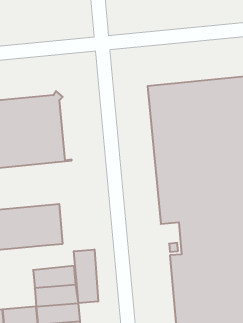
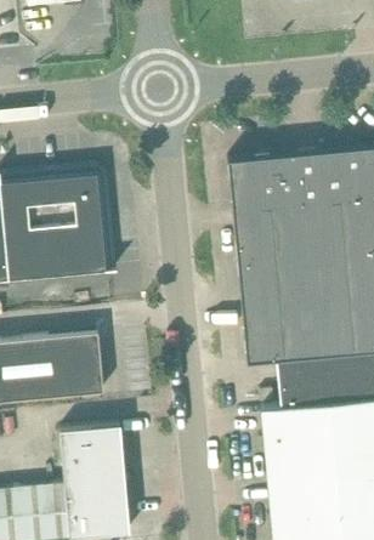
building: [74,249,98,303] -> none

